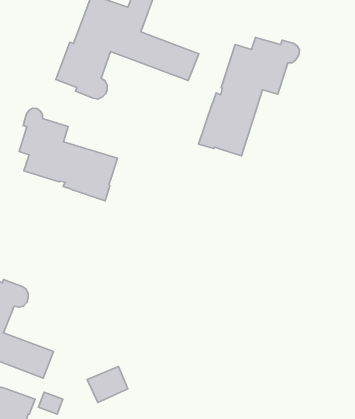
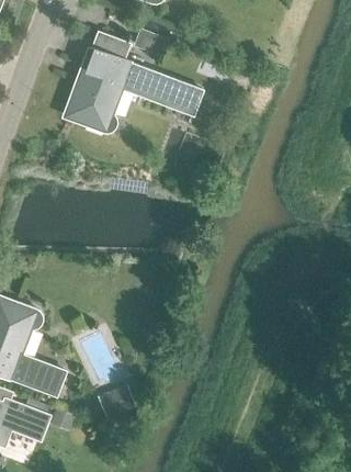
building: [198,38,300,156] -> none
building: [19,108,118,201] -> none

